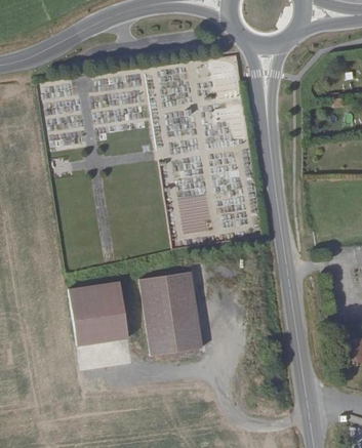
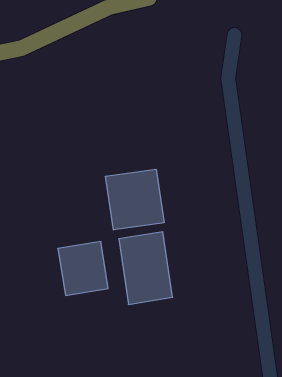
building: none -> [105,169,164,230]

